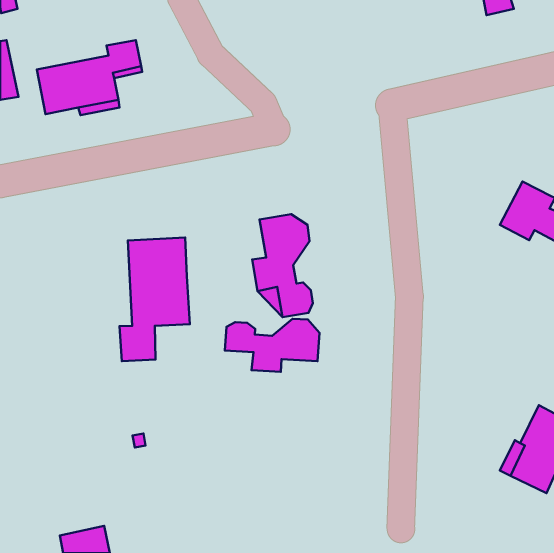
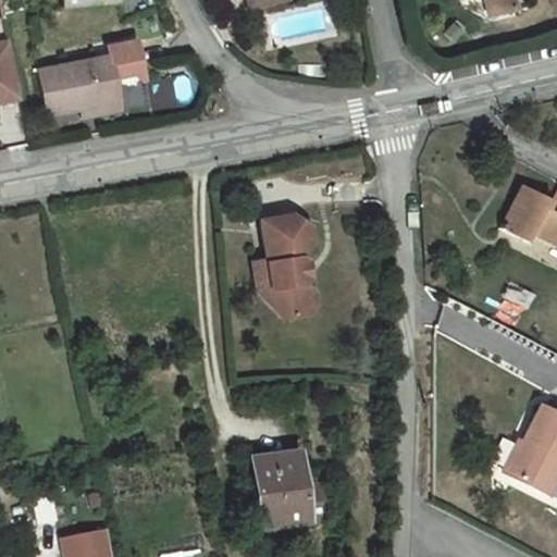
building: [120,237,190,361] -> none
building: [225,319,319,372] -> none
building: none -> [251,450,325,525]

